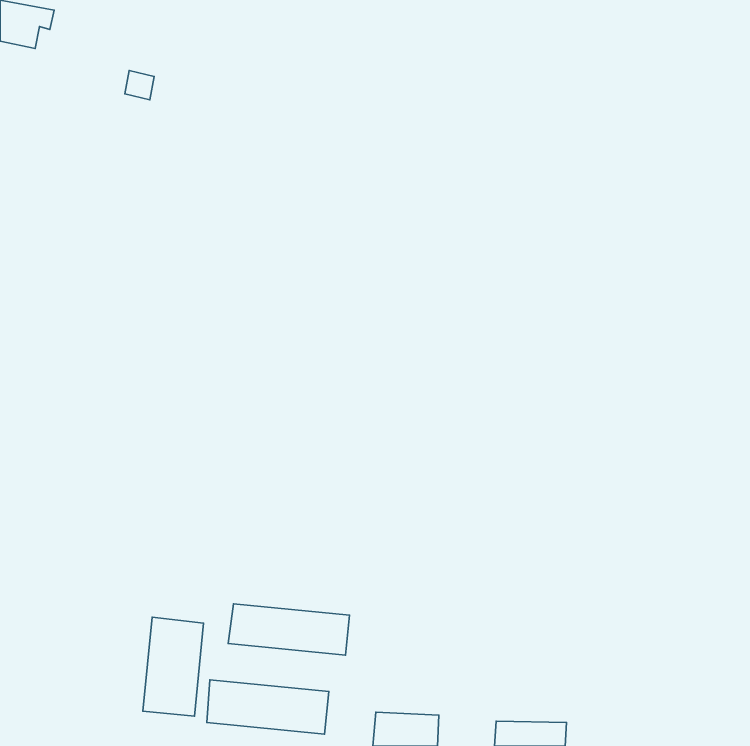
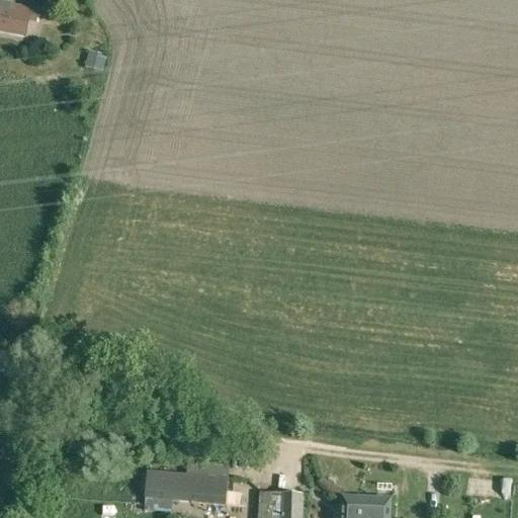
building: [228,604,349,655] -> none
building: [143,617,204,716] -> none

